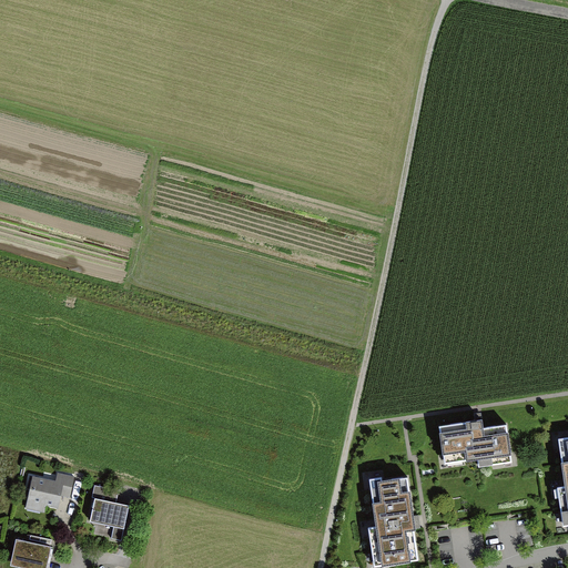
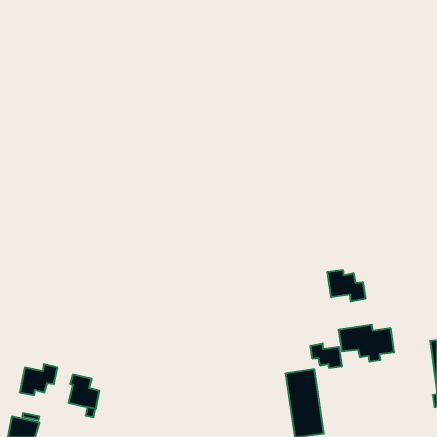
building: none -> [327,270,365,302]
building: none -> [311,343,342,368]

